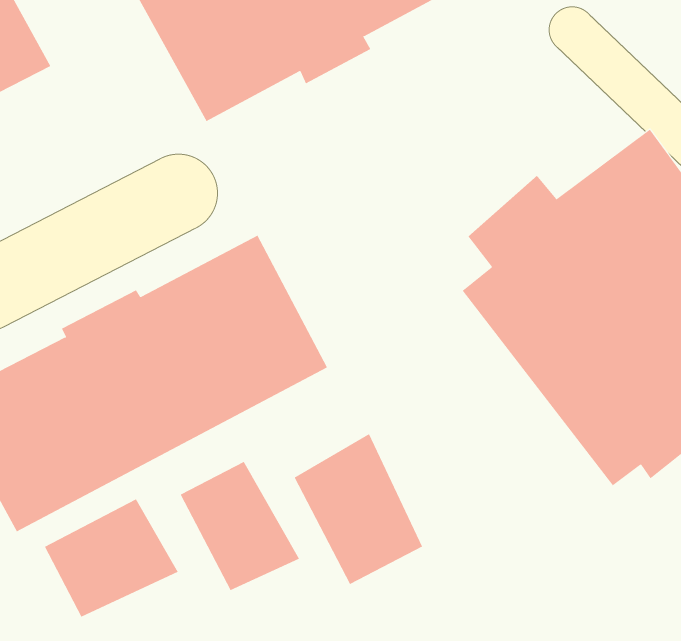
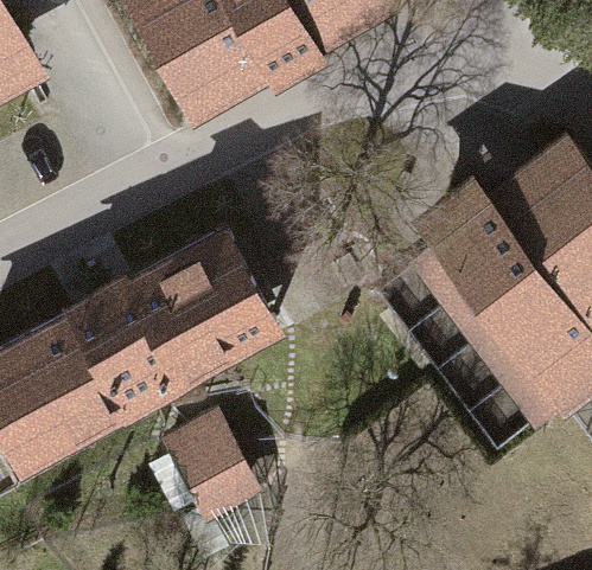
building: [294,433,423,585] -> none
building: [44,499,179,618] -> none

